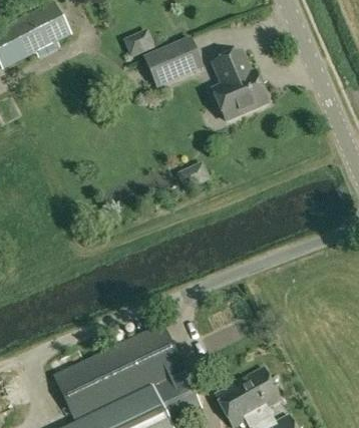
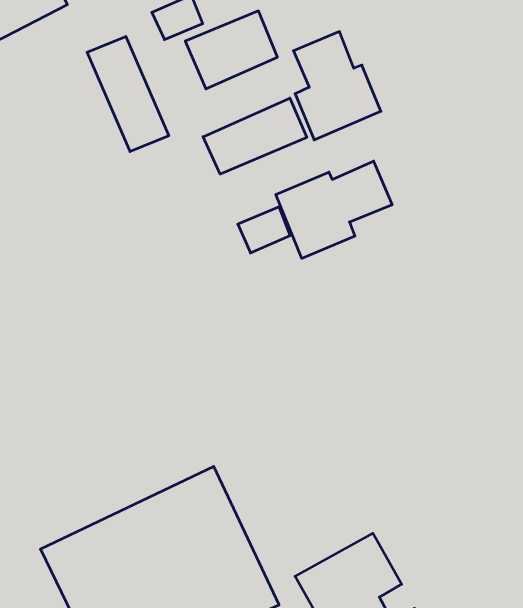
building: none -> [87,36,169,152]
building: none -> [203,98,307,174]
building: none -> [276,161,392,258]

